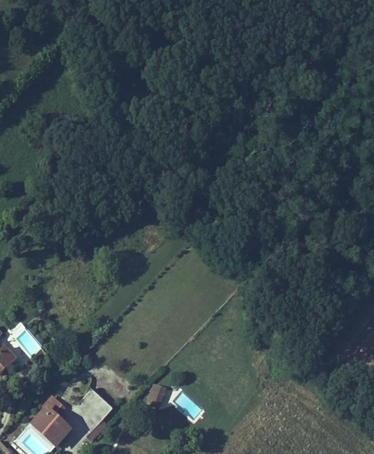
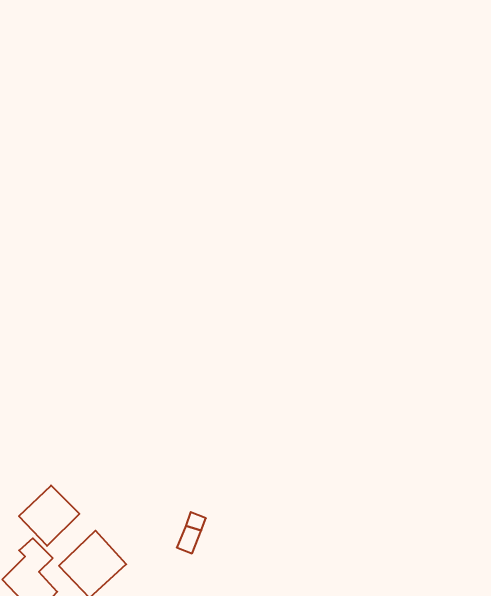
building: none -> [19,485,79,546]

